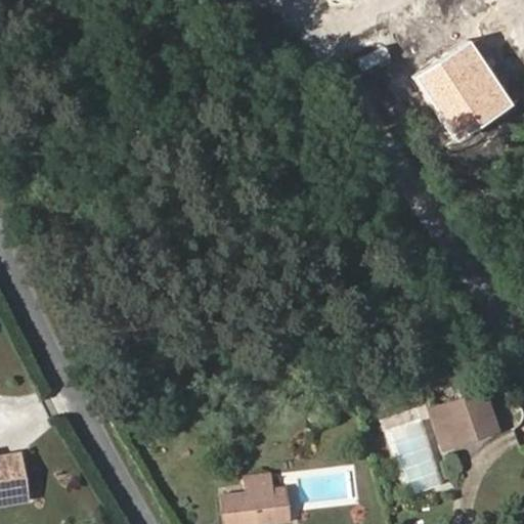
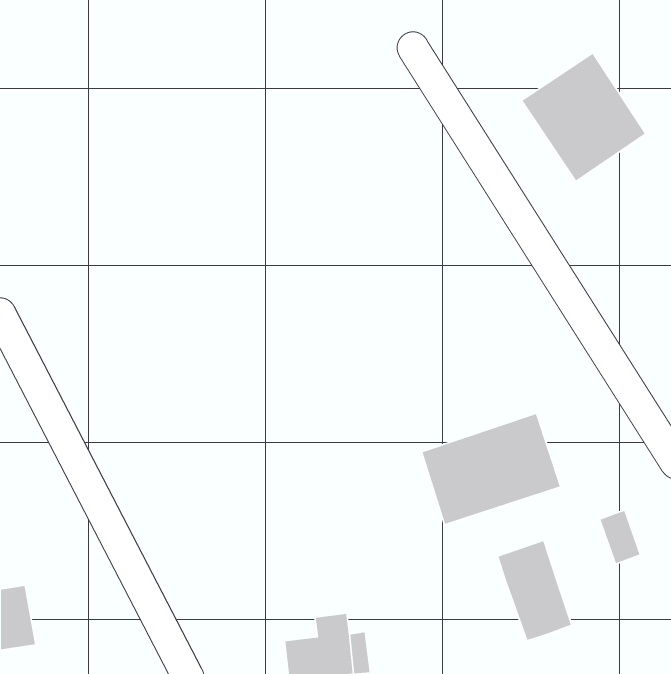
building: none -> [421,413,561,525]
building: [432,399,480,449] -> none

